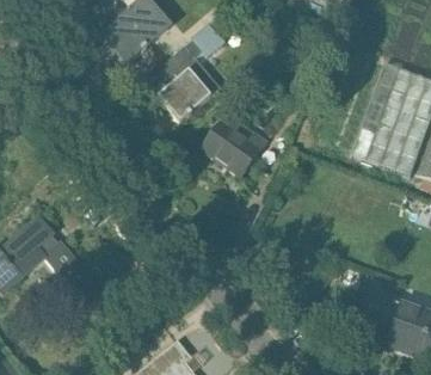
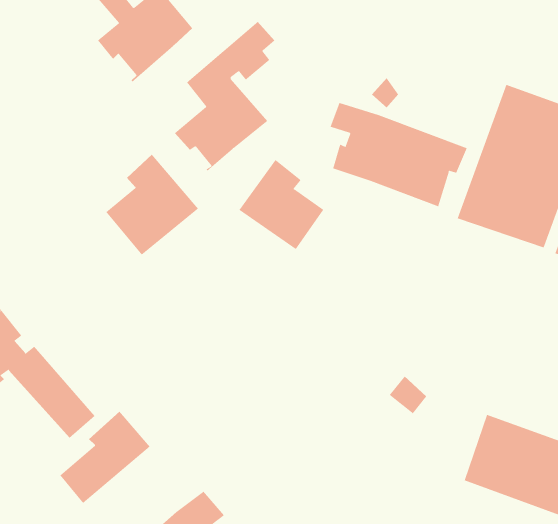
building: none -> [330,102,468,207]
building: none -> [106,154,199,256]
building: none -> [60,411,151,504]

